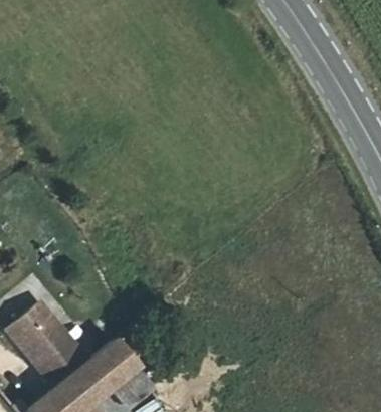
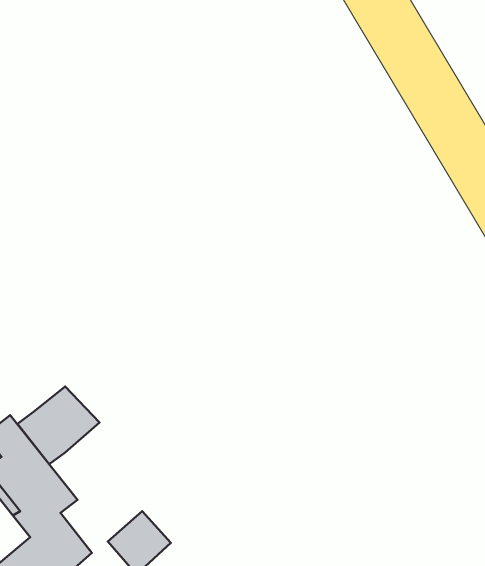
building: [75,344,133,398] -> [18,387,99,464]

